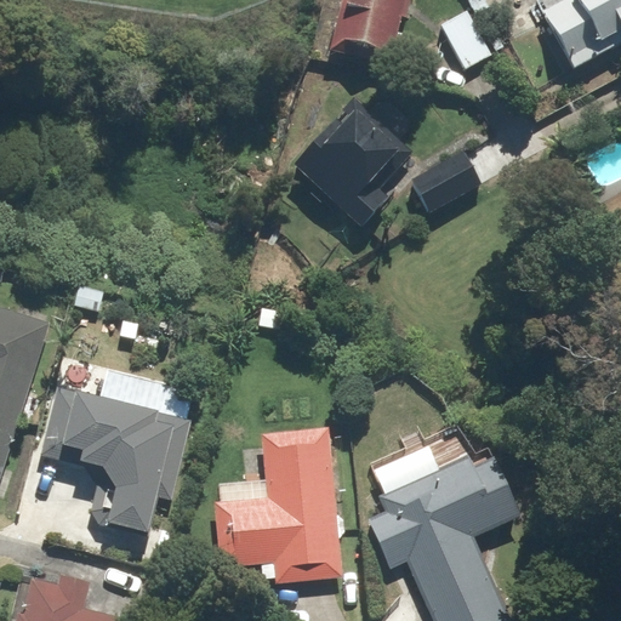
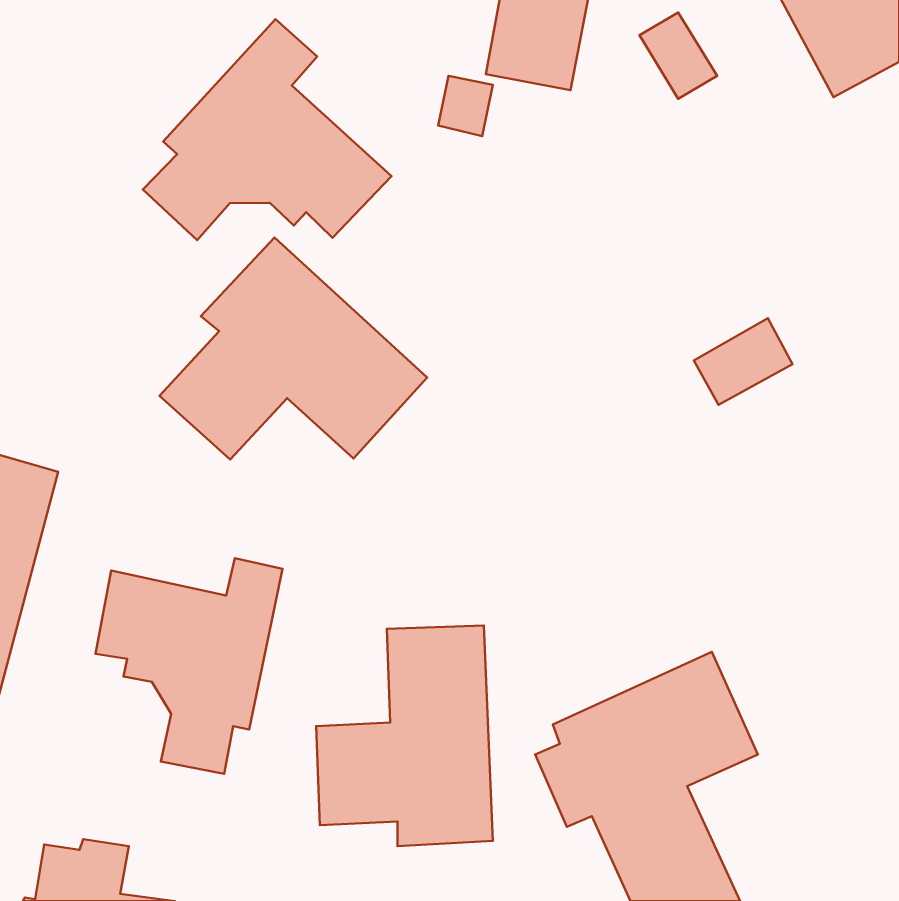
building: none -> [143,19,392,240]
building: [291,92,414,229] -> none
building: [410,152,478,211] -> [694,318,793,405]
building: none -> [160,238,427,460]

